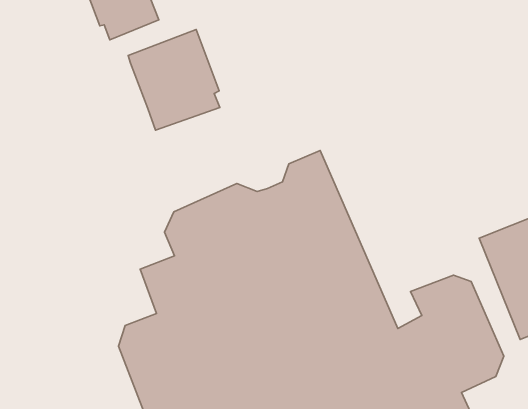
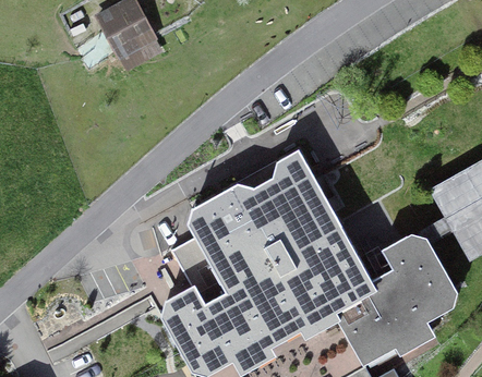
building: [128,30,220,130] -> none

